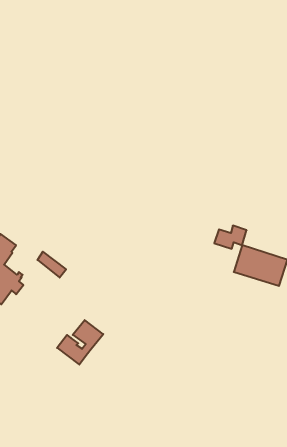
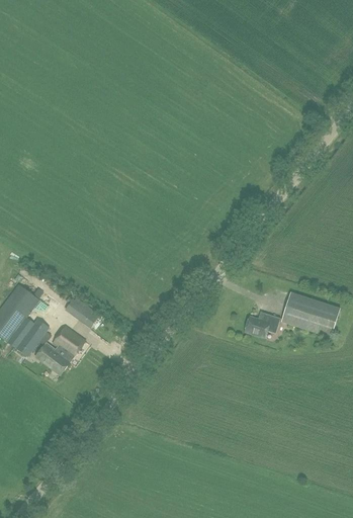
building: [214,226,247,249] -> [244,312,279,337]
building: [57,320,103,365] -> [34,326,85,374]

